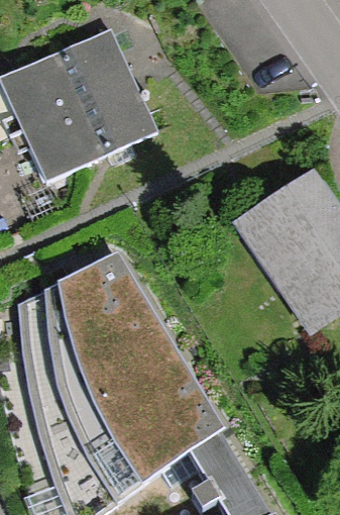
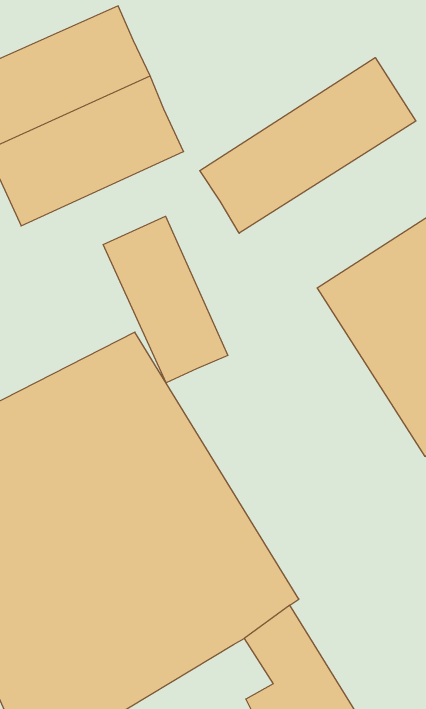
building: none -> [200,58,416,233]
building: none -> [103,216,228,383]

